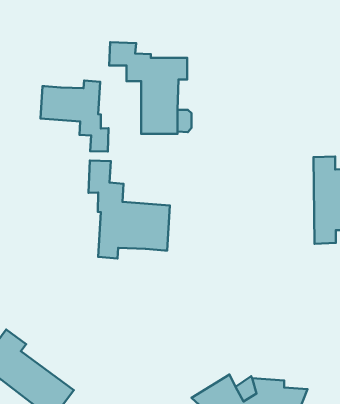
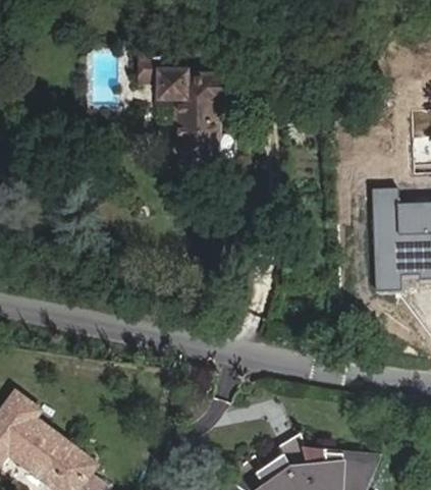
building: [40,81,109,152] -> none
building: [89,161,170,259] -> none

